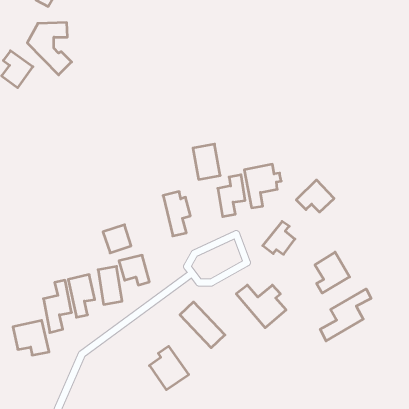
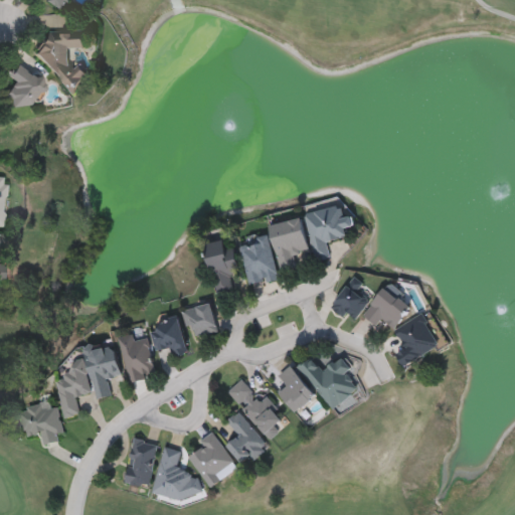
building: [193,144,220,179] -> [241,239,276,284]
building: [296,180,334,212] -> [362,288,409,328]
building: [103,225,131,253] -> [182,302,217,337]
building: [320,289,371,341] -> none
building: none -> [278,365,314,412]
building: none -> [225,412,266,466]
building: none -> [125,436,156,487]
building: none -> [151,447,202,499]

